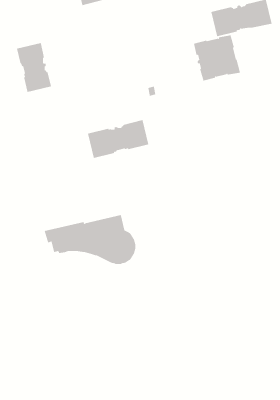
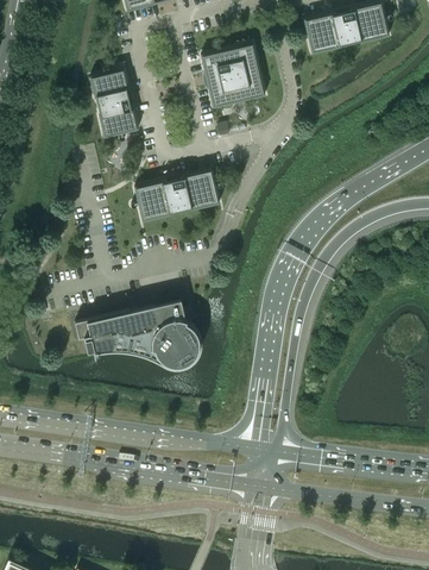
building: [193,35,241,81] -> [200,45,265,109]
building: [16,42,52,92] -> [89,70,138,139]

